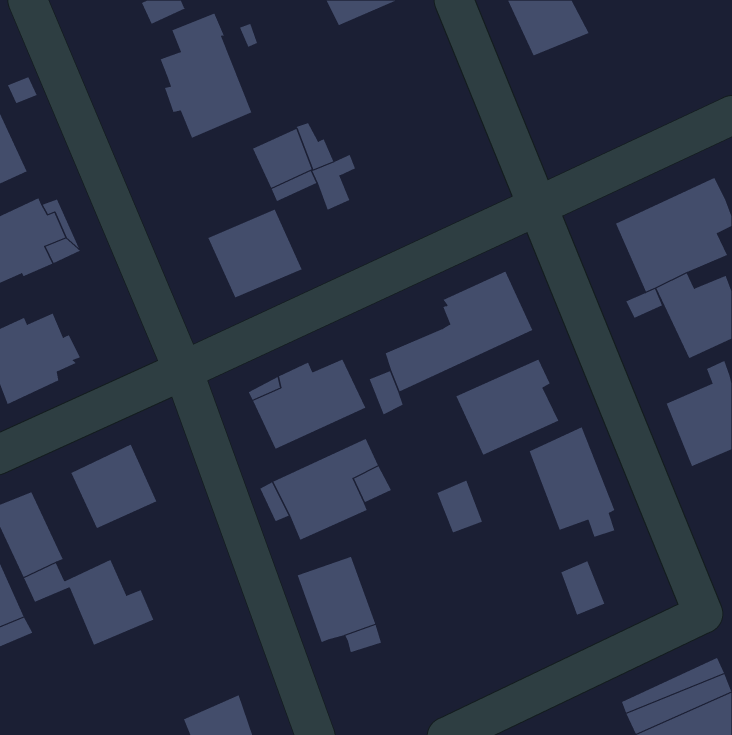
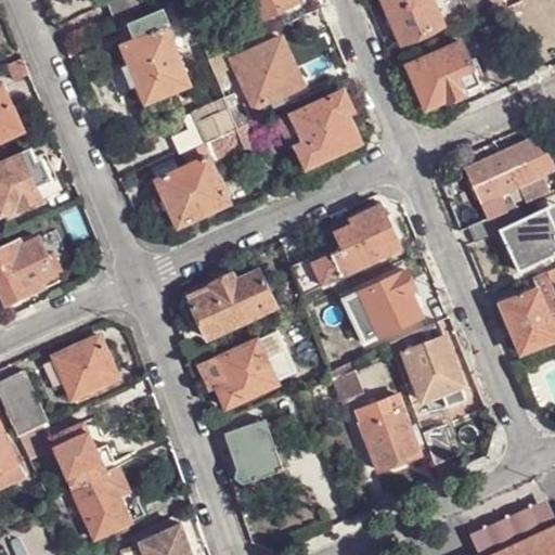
building: none -> [231,37,302,107]
building: none -> [406,42,479,107]
building: none -> [279,91,359,168]
building: none -> [357,400,423,472]
building: none -> [70,467,129,539]

